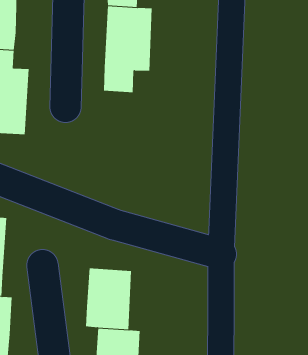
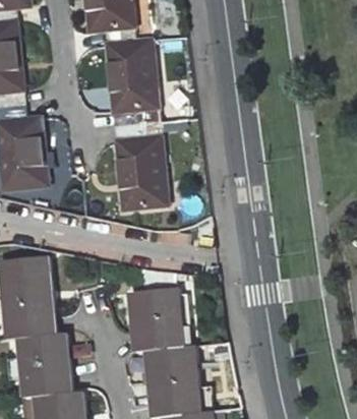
building: none -> [116,122,170,205]

